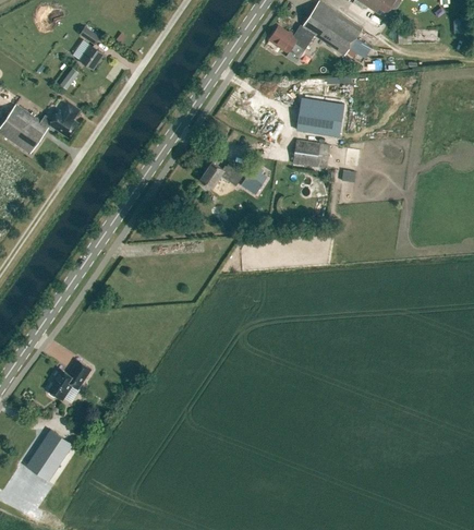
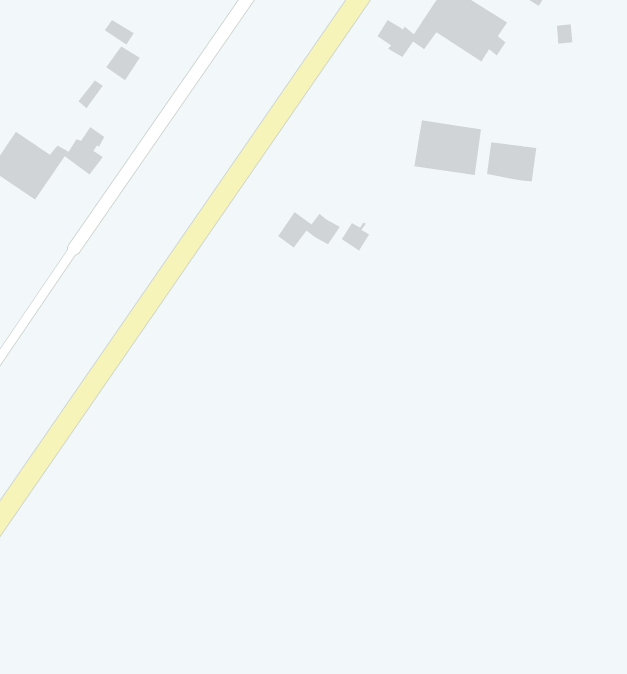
building: [292,140,328,168] -> [486,142,537,182]
building: [48,360,90,399] -> none
building: [26,430,72,480] -> none

